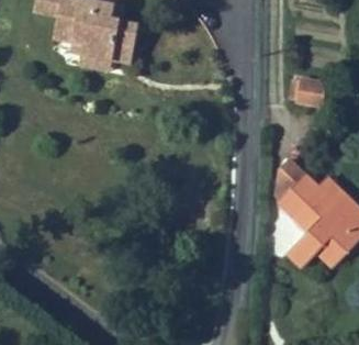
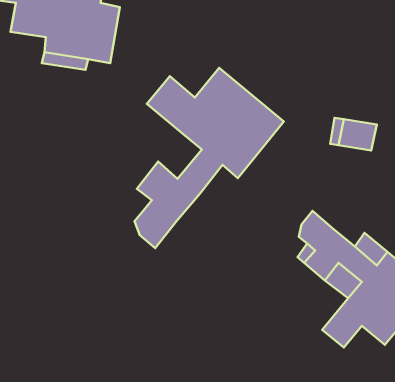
building: none -> [134,68,284,248]

